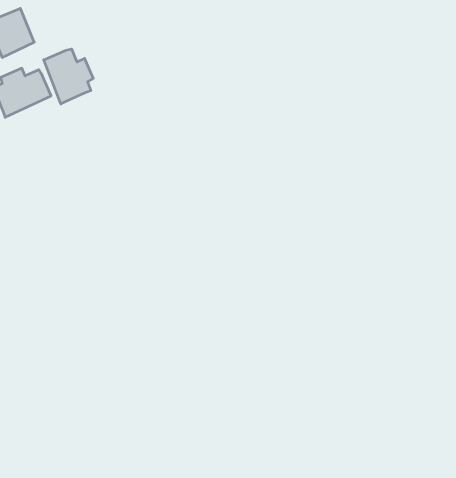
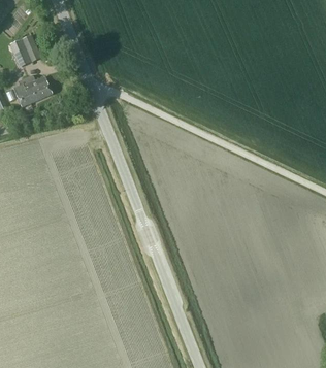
building: [44,49,93,104] -> none

